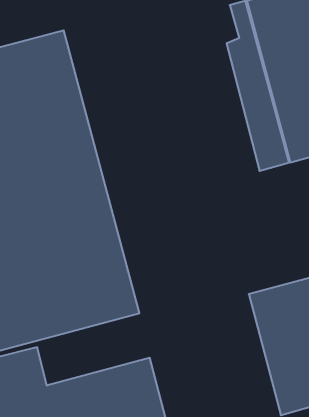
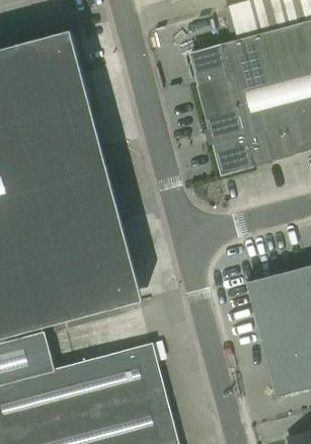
building: none -> [188,45,254,174]

